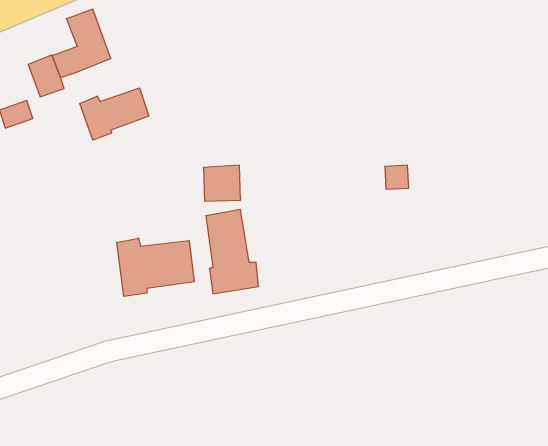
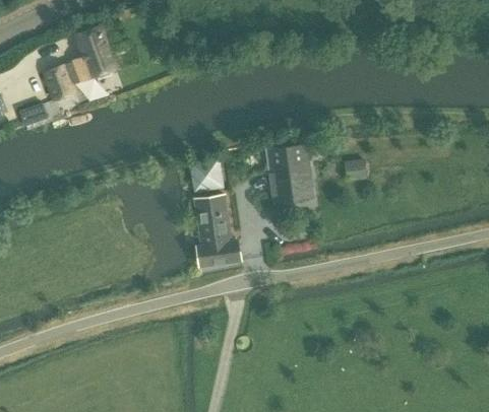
building: [80,88,149,140] -> none
building: none -> [265,143,313,204]
building: [117,238,194,296] -> none

